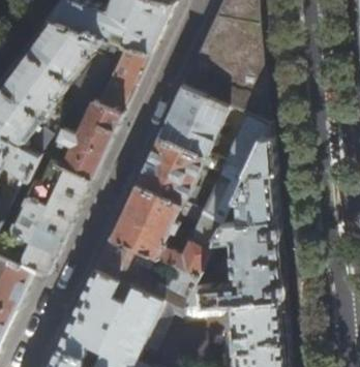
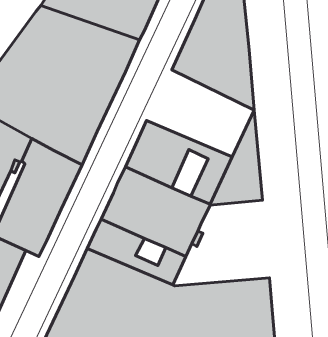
building: [154,87,265,177] -> none
building: [181,221,280,309] -> none

